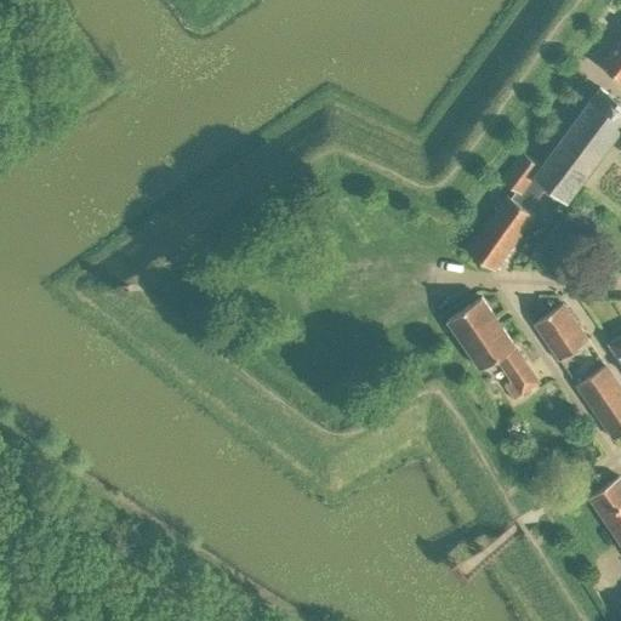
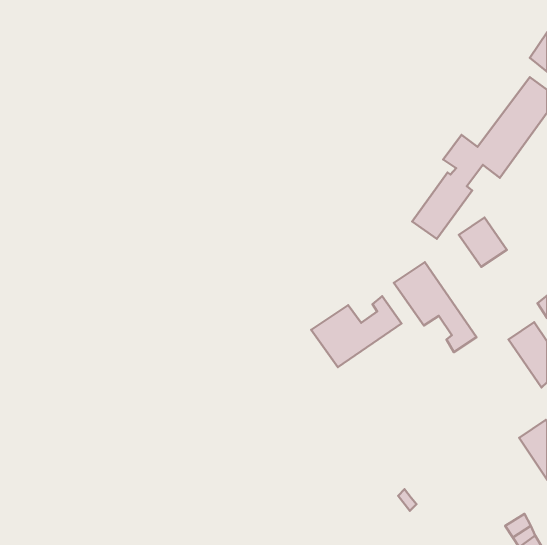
building: [534,306,588,361] -> [459,218,507,267]
building: none -> [311,296,401,367]

